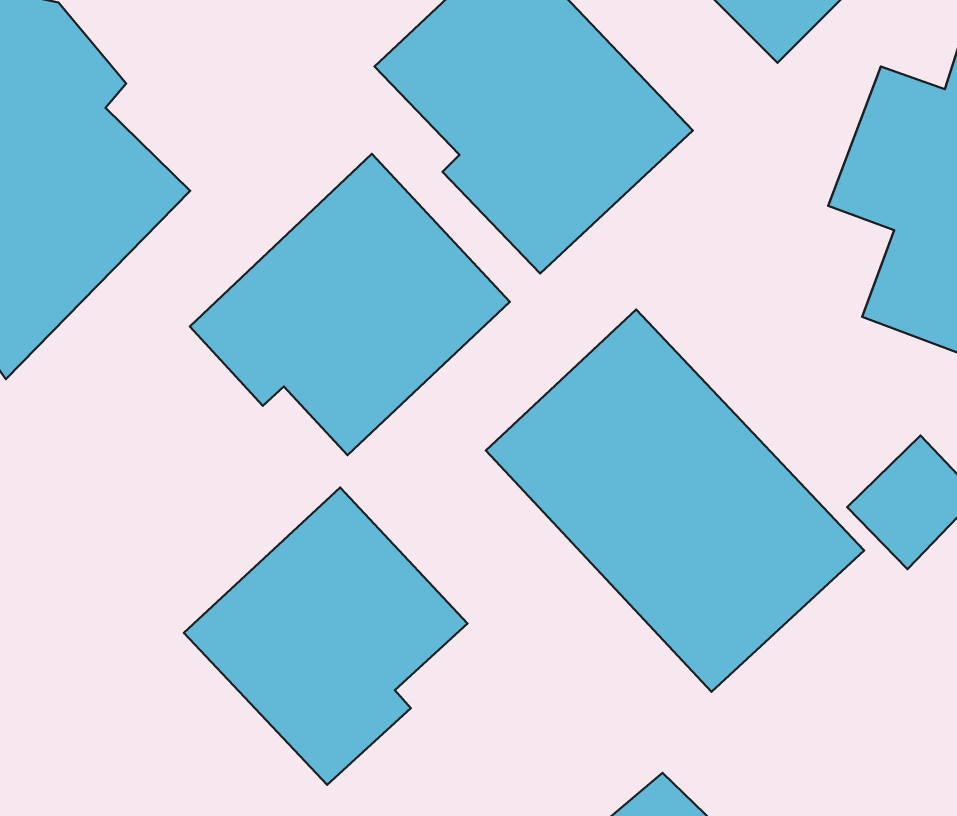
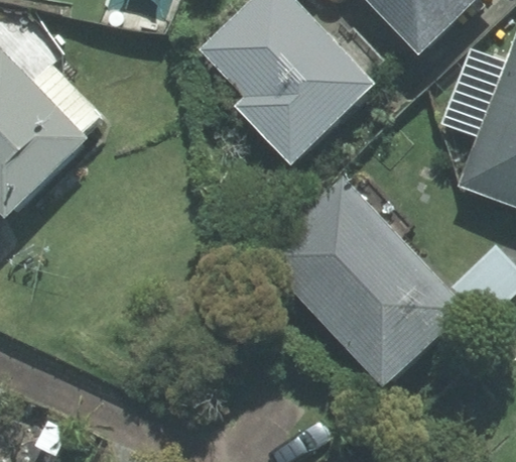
building: [190,154,510,455] -> none
building: [184,488,467,785] -> none

